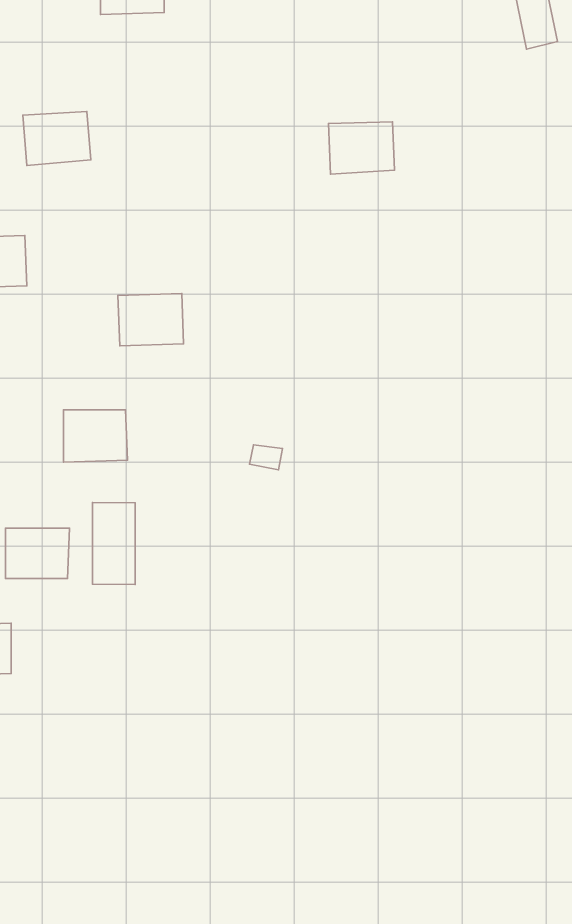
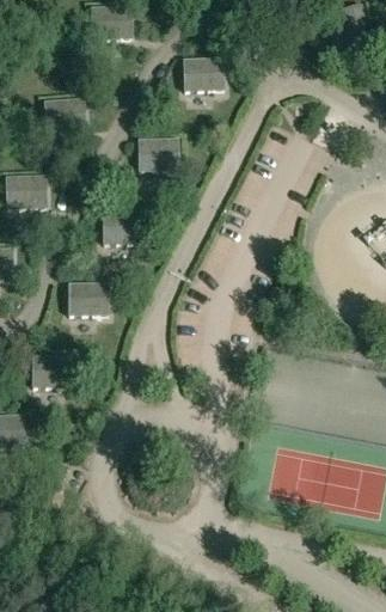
building: [329,122,394,174] -> [184,57,225,90]
building: none -> [139,137,179,170]
building: [93,502,135,585] -> none

